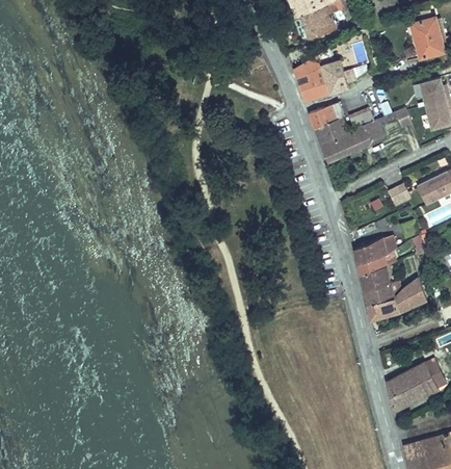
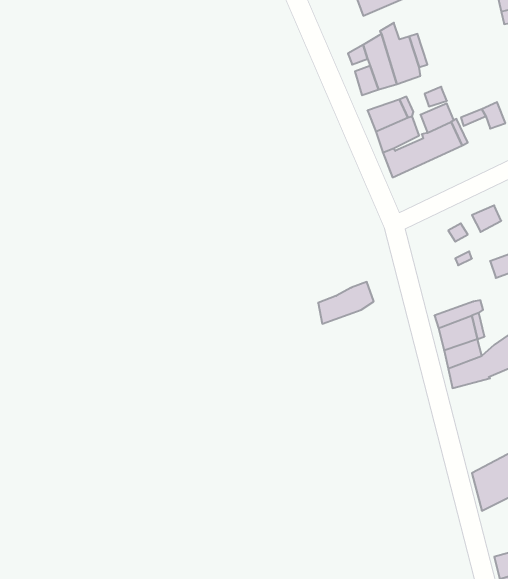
building: [355,234,397,265] -> [318,282,374,324]

